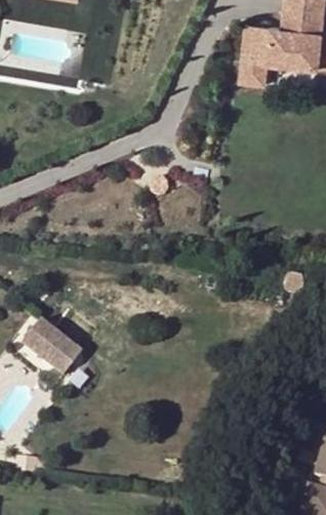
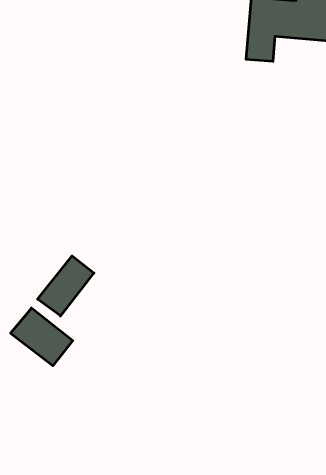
building: none -> [38,256,94,316]

